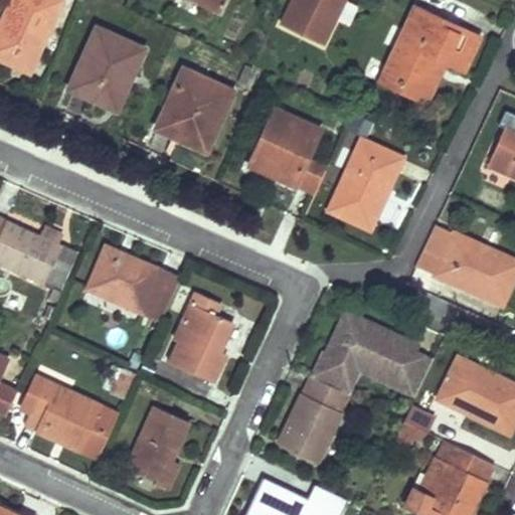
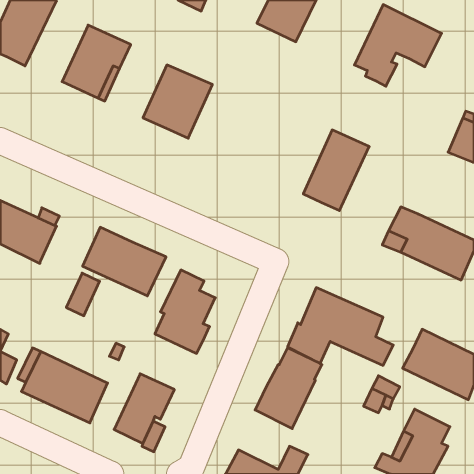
building: [378,57,444,105] -> none
building: [248,110,325,194] -> none
building: [44,245,80,292] -> [66,273,100,316]

